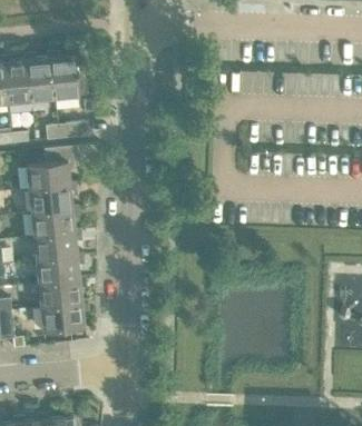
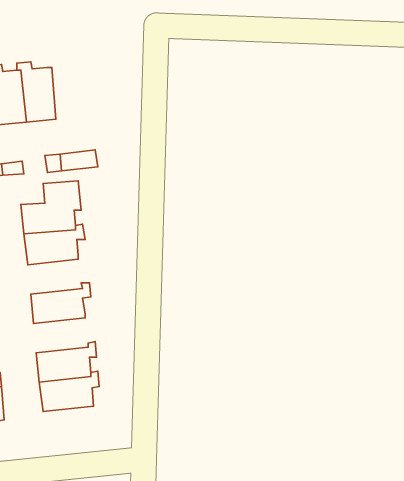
building: [46,51,87,99] -> none
building: [31,206,79,238] -> none
building: [36,252,84,285] -> none

